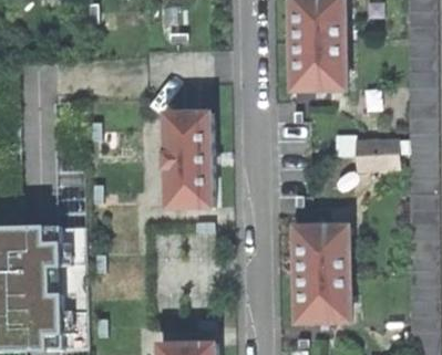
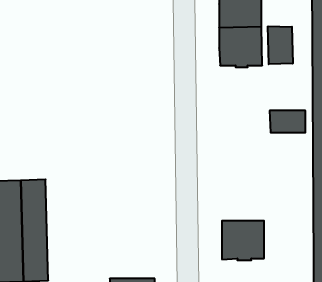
building: none -> [268,26,293,64]
building: [163,112,212,207] -> none
building: [296,225,348,275] -> none

